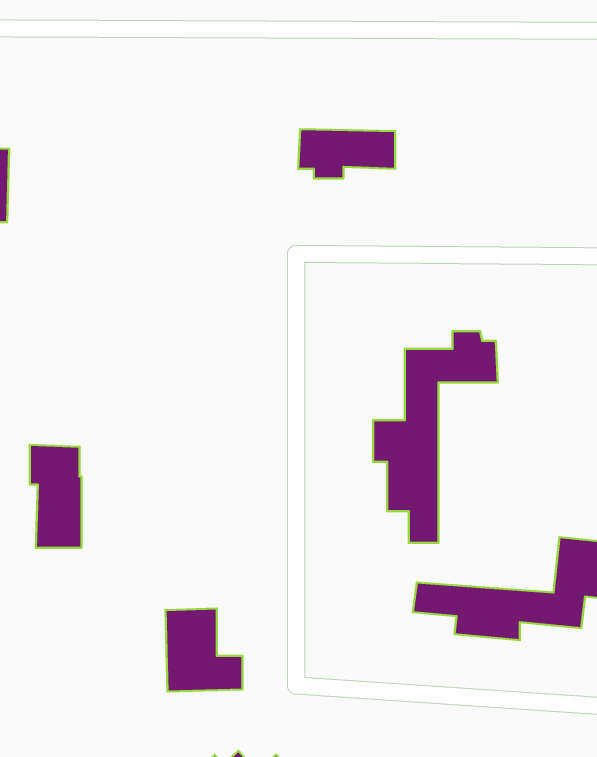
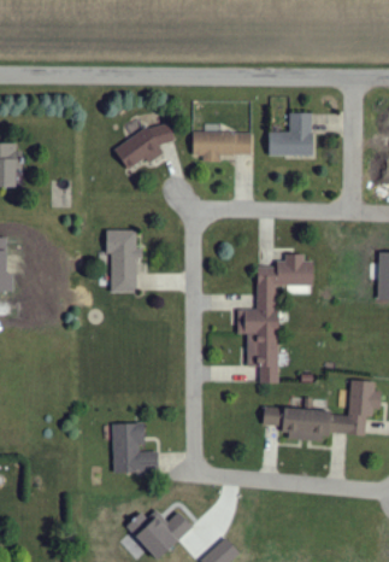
building: none -> [267,112,312,154]
building: none -> [113,117,175,169]
building: [30,445,81,548] -> [106,228,137,291]

